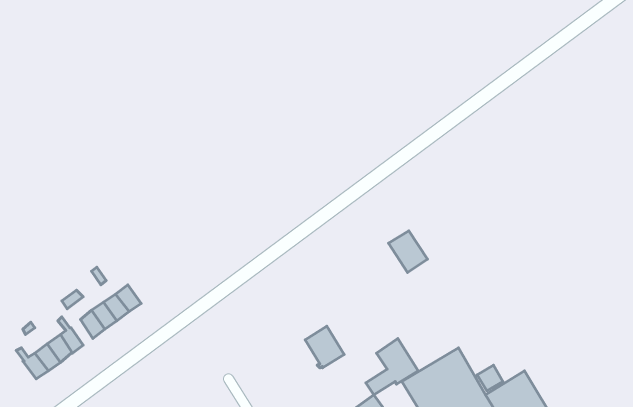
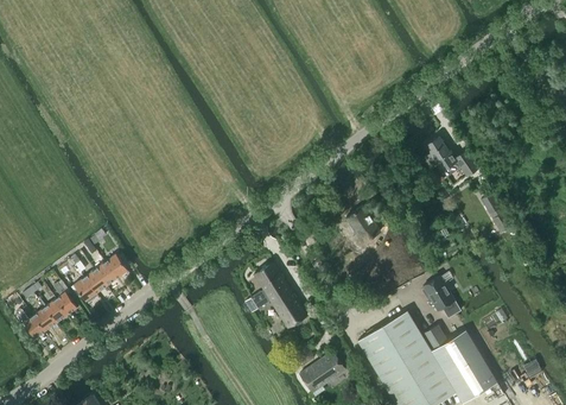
building: none -> [425,138,479,177]
building: none -> [424,277,462,318]
building: [366,338,418,395] -> [246,262,292,312]

